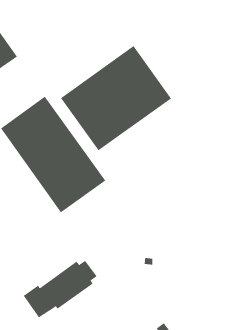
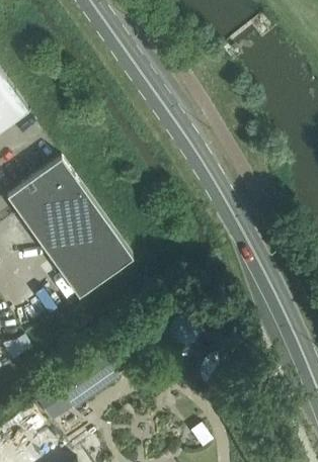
building: [60,45,172,151] -> none

